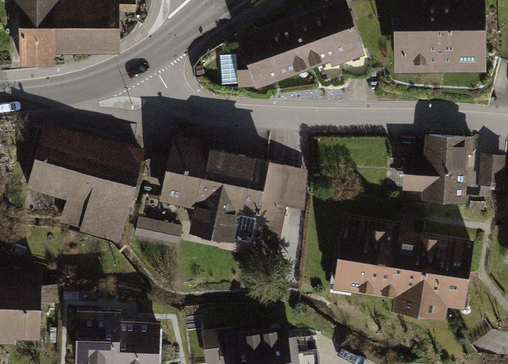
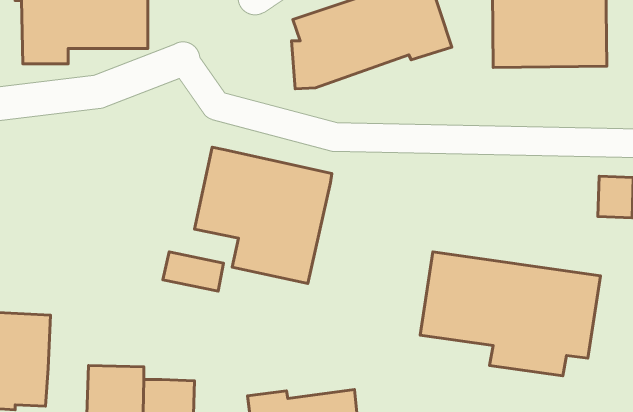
building: [24,126,139,242] -> none
building: [406,138,471,204] -> none
building: [247,164,306,251] -> none

